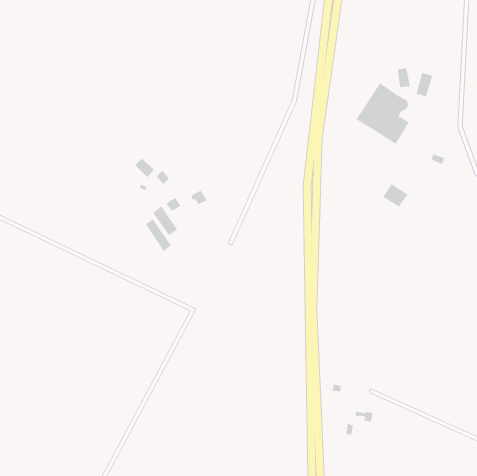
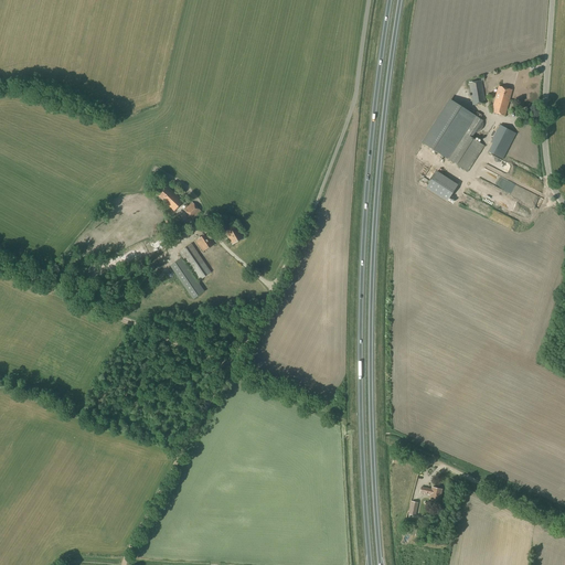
building: none -> [488,124,516,159]
building: [382,183,408,208] -> [426,170,457,199]

